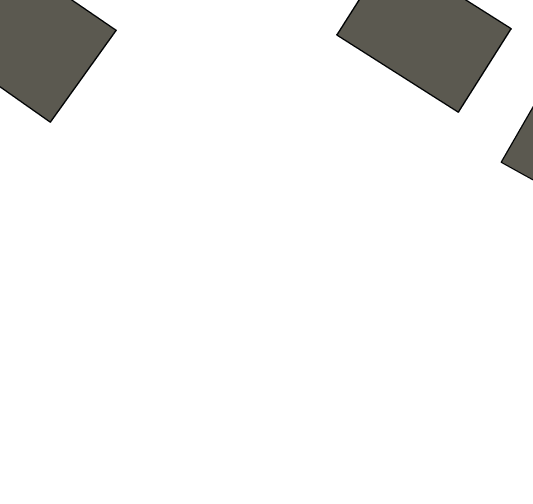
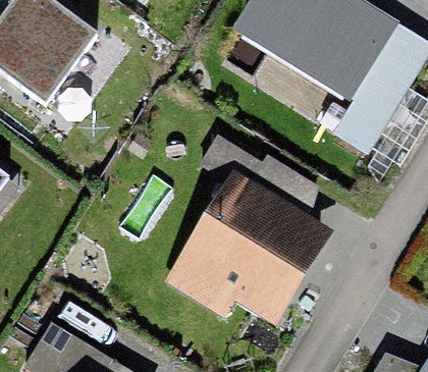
building: none -> [199,199,307,306]

